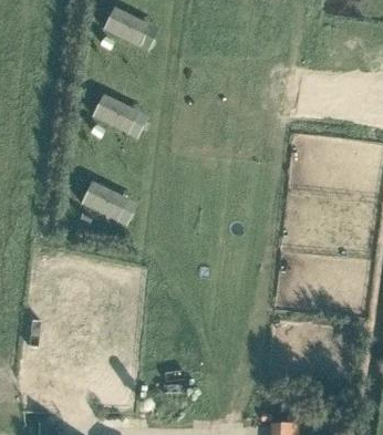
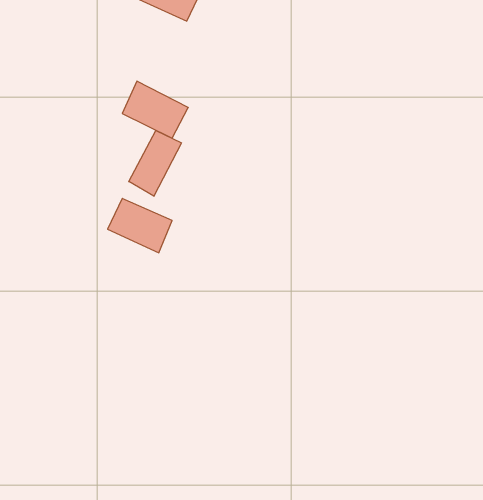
building: none -> [129,130,181,196]

